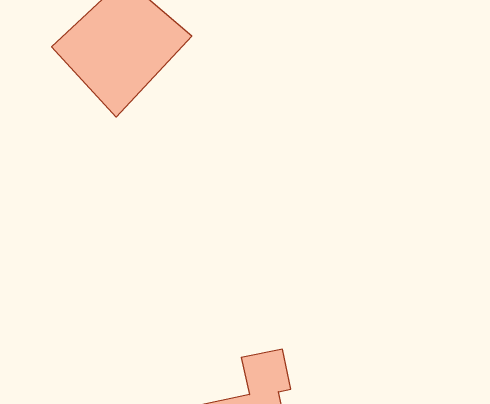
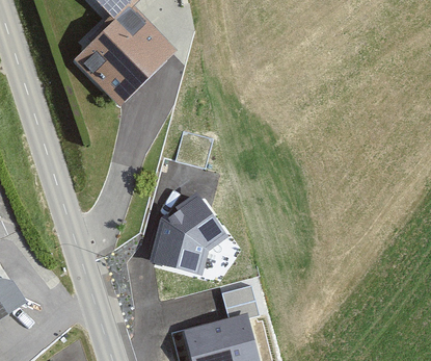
building: none -> [145,186,219,278]

